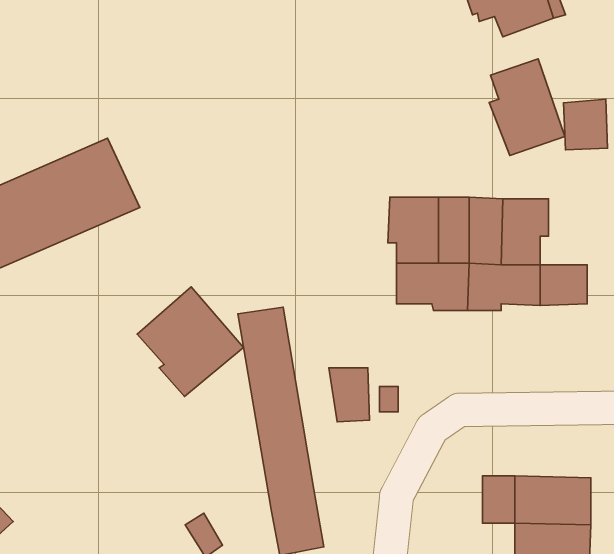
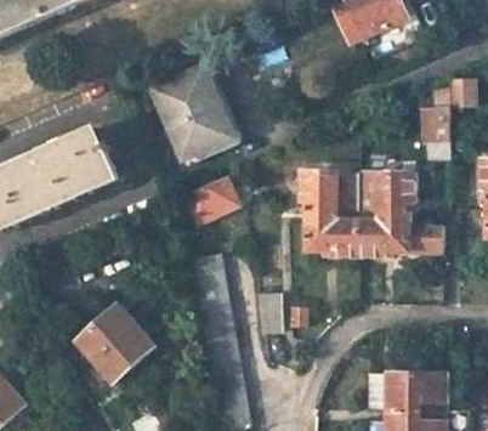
building: none -> [153,68,234,161]
building: [489,59,565,156] -> none
building: none -> [182,175,233,219]
building: [137,287,243,397] -> [79,304,155,382]

